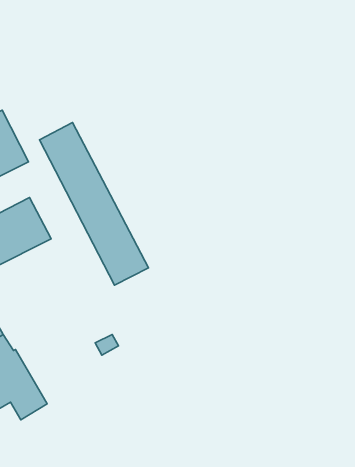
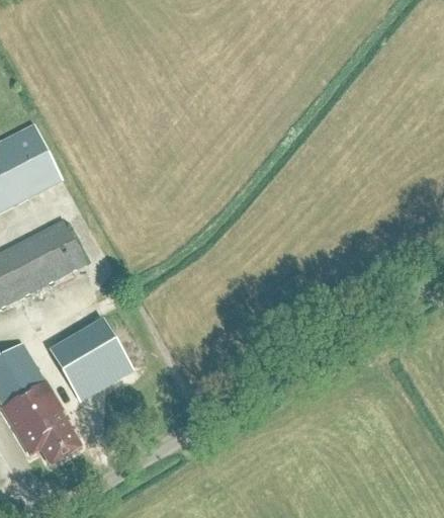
building: [39,122,149,285] -> none
building: none -> [52,323,131,402]

